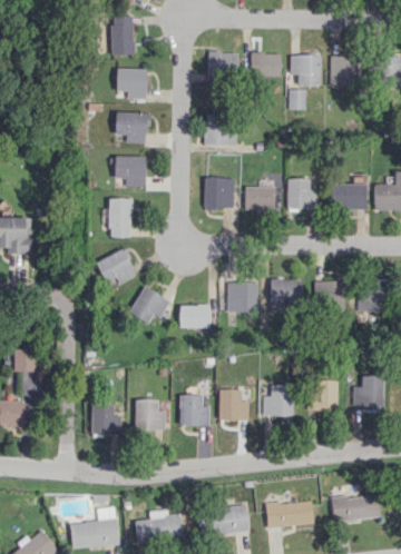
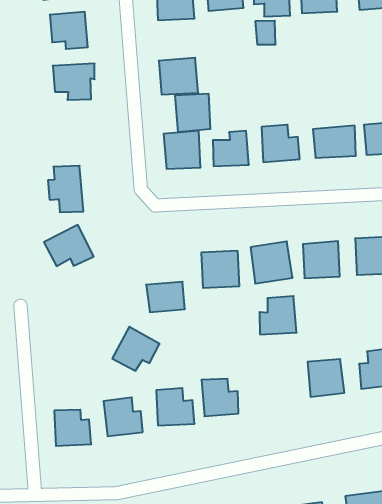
building: none -> [175,94,210,132]
building: [115,156,146,187] -> none
building: [129,286,170,324] -> [112,327,160,371]
building: [263,385,294,416] -> [259,296,297,334]

